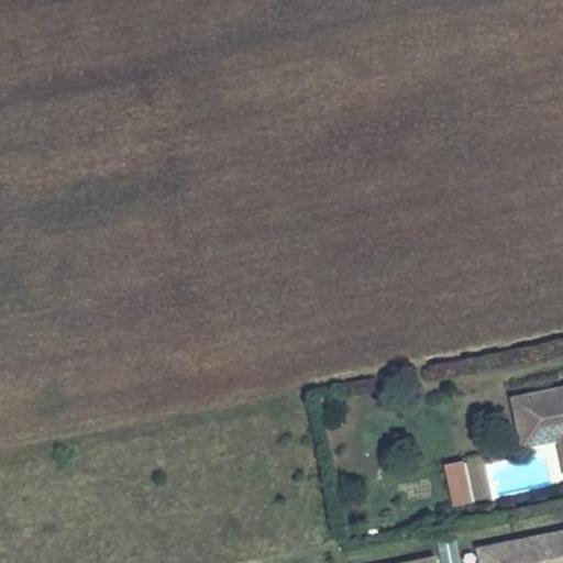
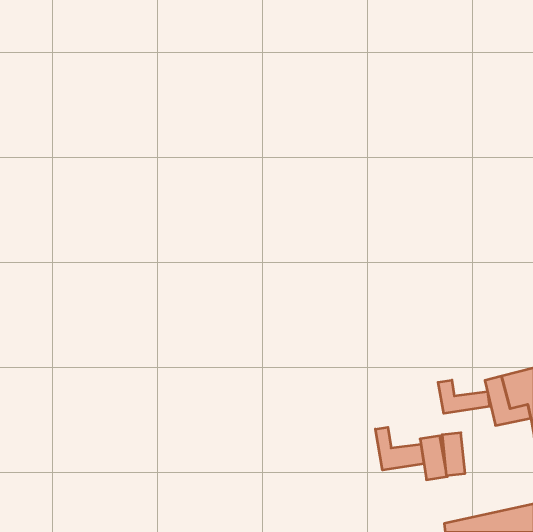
building: none -> [438,380,490,413]
building: none -> [375,427,424,470]

